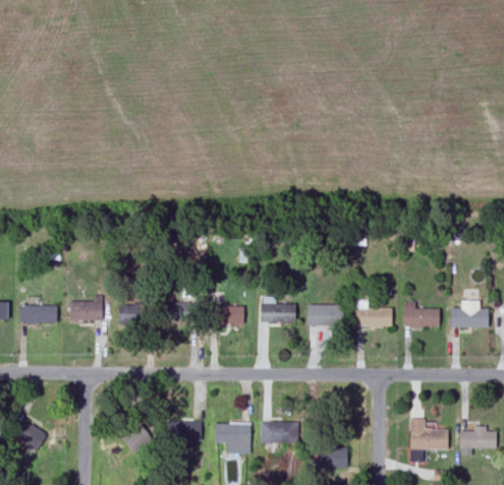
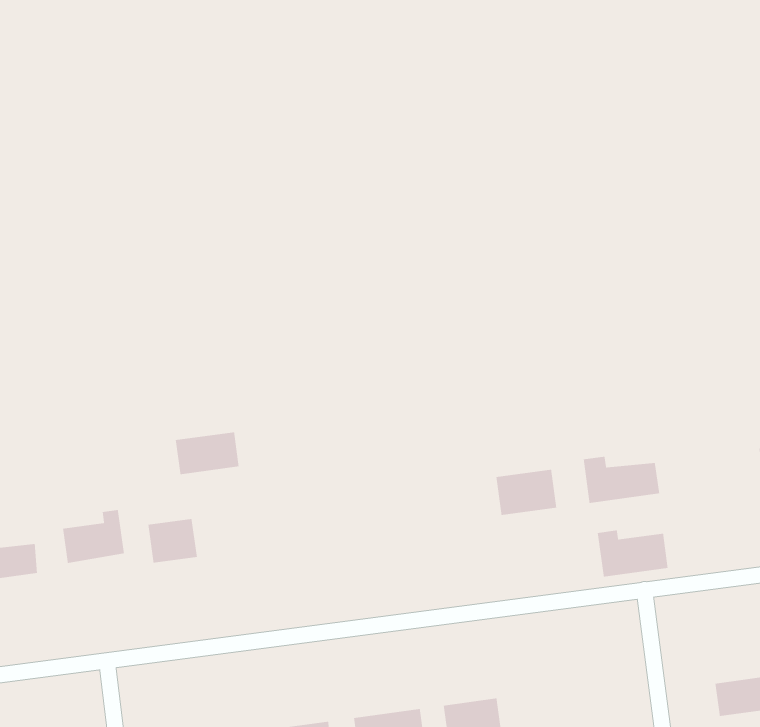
building: [165,302,198,321] -> [175,431,240,475]
building: [260,303,295,322] -> none
building: [403,303,439,327] -> [597,530,669,577]
building: [218,306,243,323] -> none

